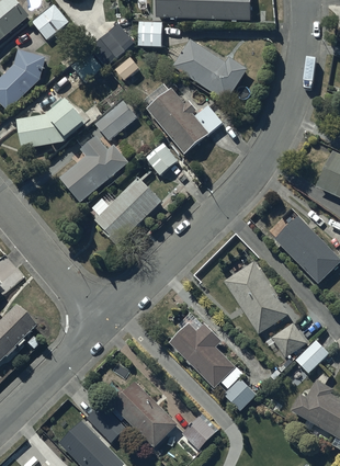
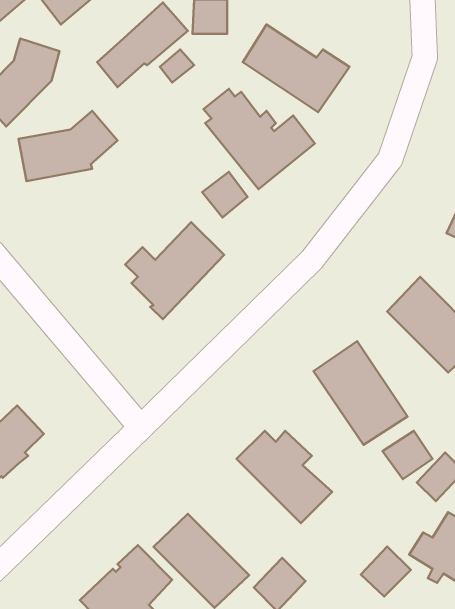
building: [94,99,137,139] -> none
building: [60,136,128,201] -> none
building: [219,378,254,413] -> [361,546,411,597]

